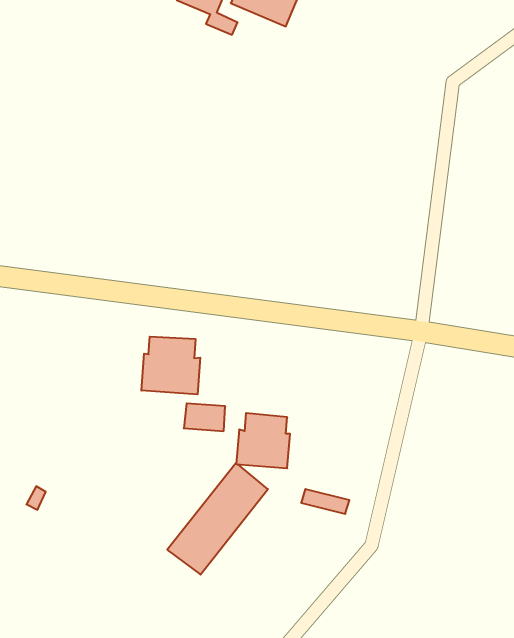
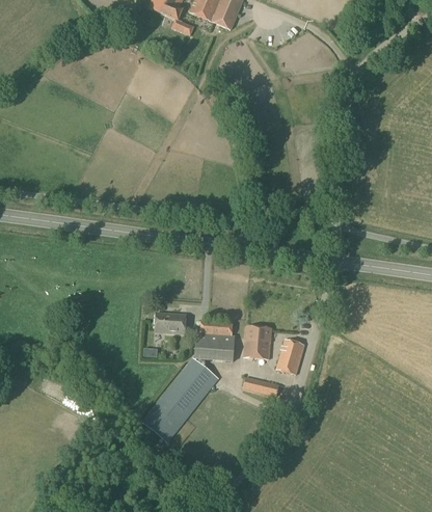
building: [141,337,200,394] -> none
building: none -> [243,326,270,359]
building: none -> [275,339,303,375]

